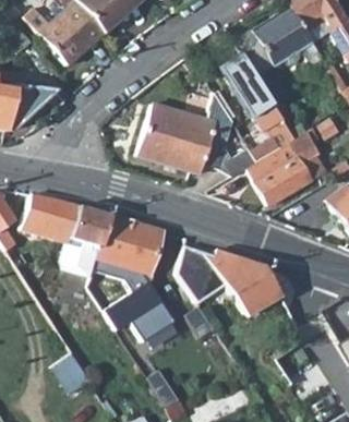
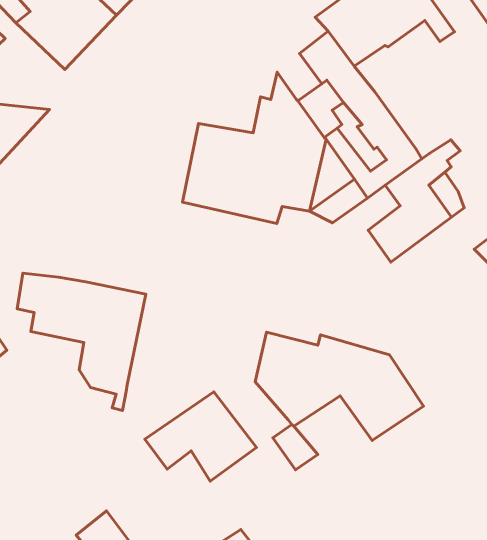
building: [93,214,174,280] -> none

